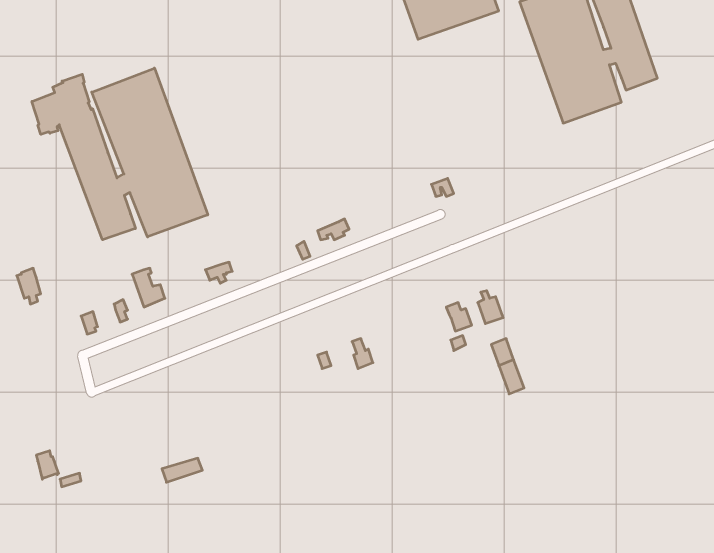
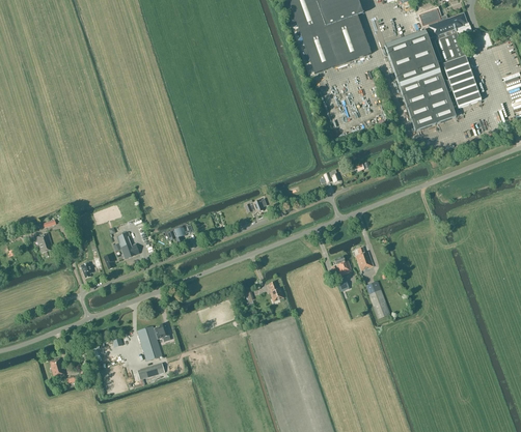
building: [32,68,208,240] -> none
building: none -> [137,322,170,361]

